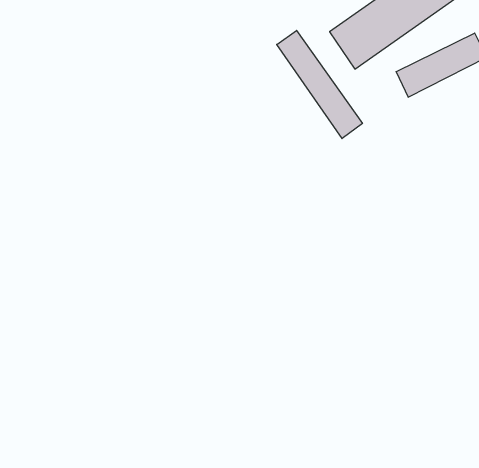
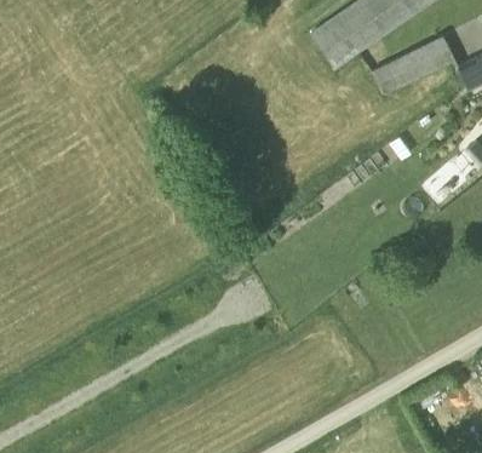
building: [277,30,362,139] -> none

